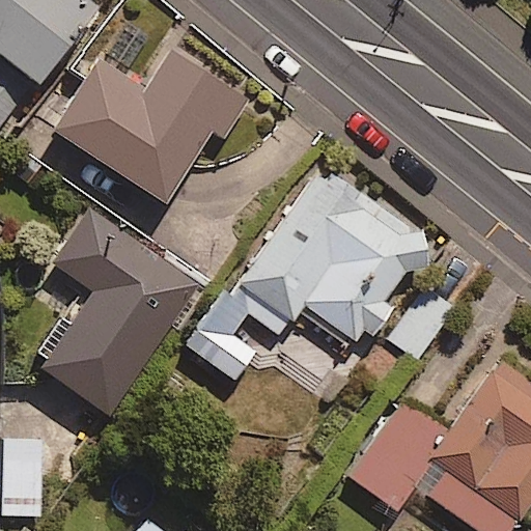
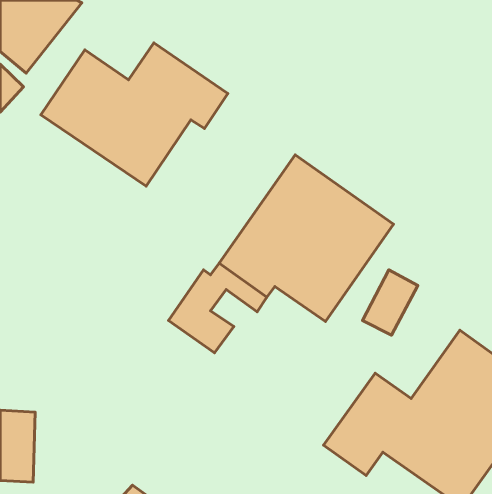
building: [39,207,201,416] -> none

